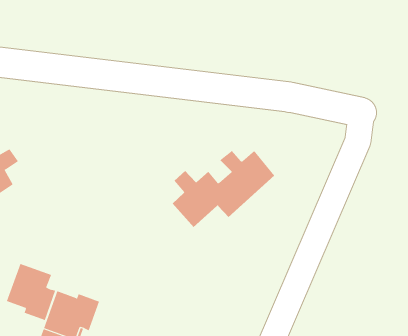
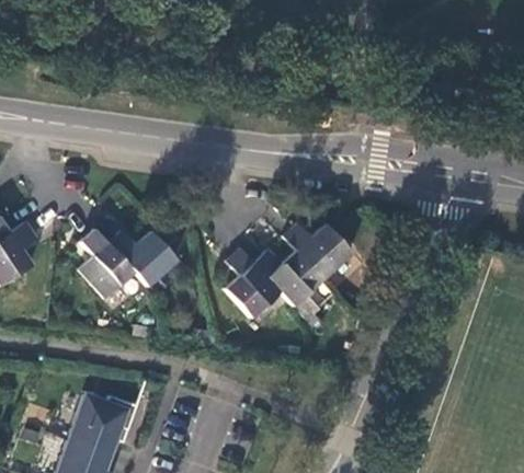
building: none -> [79,229,178,297]
building: [6,263,56,321] -> none

